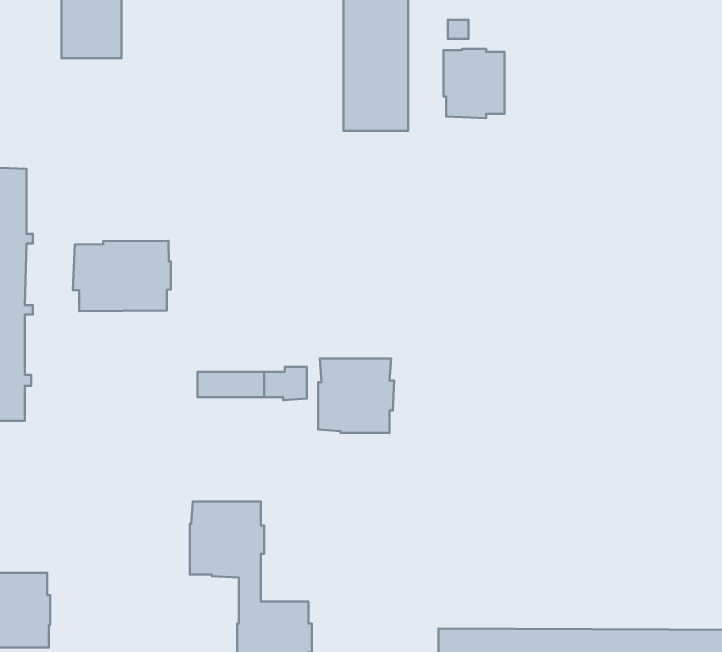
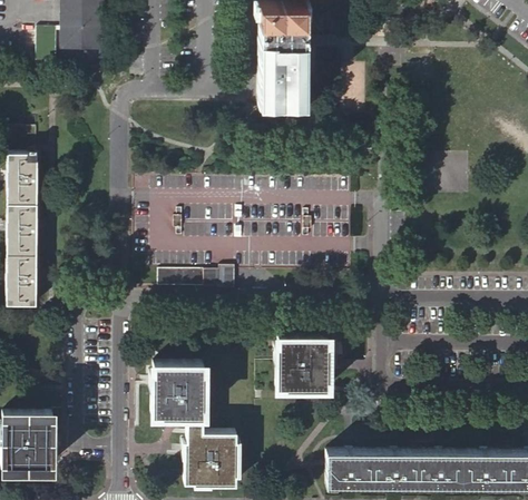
building: [444,49,504,118] -> none
building: [73,241,171,311] -> none
building: [318,358,394,433] -> [276,340,330,392]

